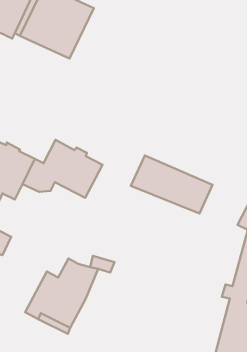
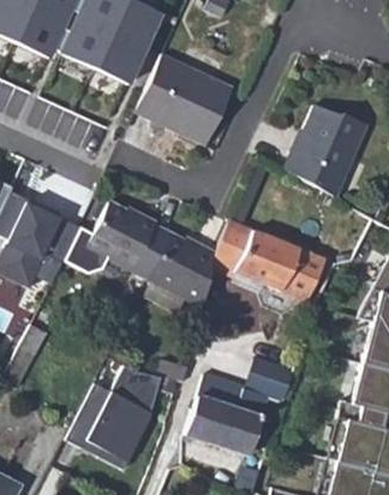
building: none -> [134,54,229,145]
building: none -> [280,105,367,196]
building: none -> [149,234,217,309]
building: none -> [185,362,279,457]

